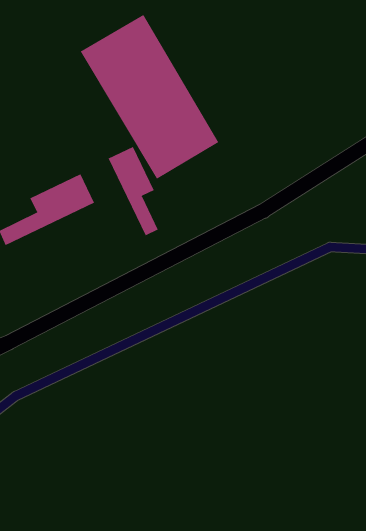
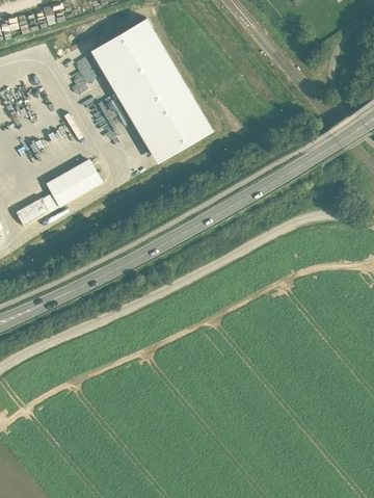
building: [108,146,158,236] -> none

